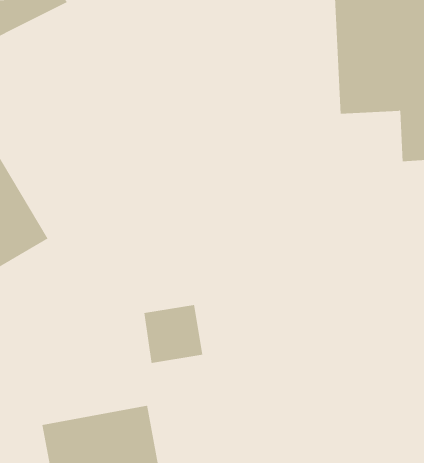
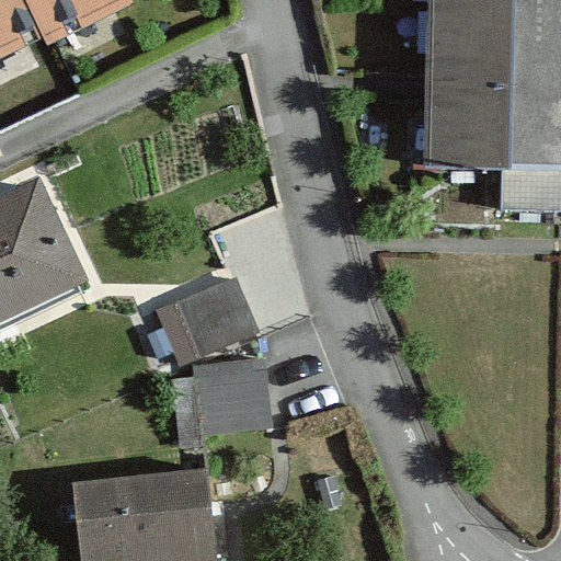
building: none -> [162,280,251,354]

